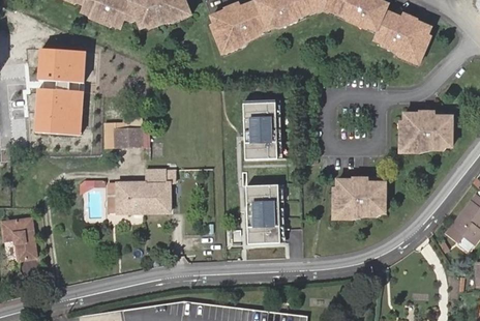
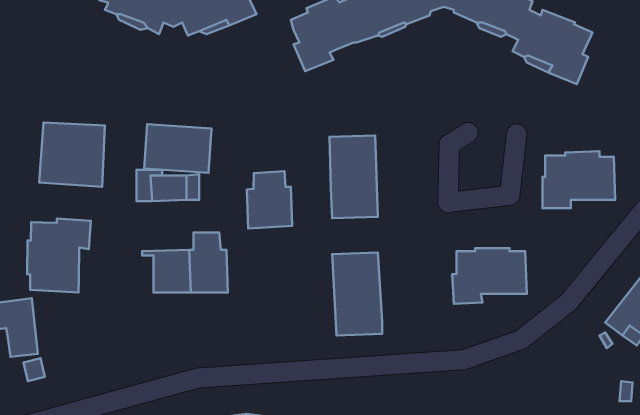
building: [37,49,86,84] -> [144,124,211,173]
building: none -> [247,171,292,229]
building: none -> [27,219,91,293]

